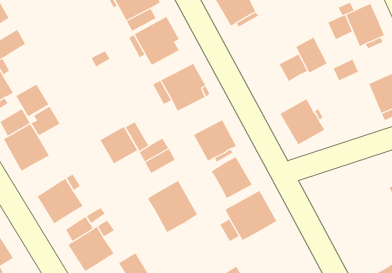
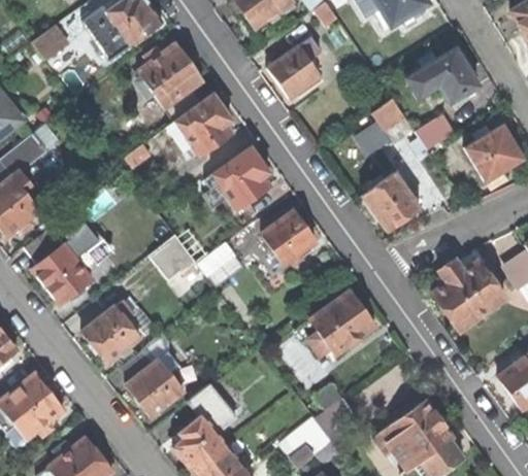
building: [15,84,49,117] -> none
building: [211,156,252,199] -> none
building: none -> [432,259,504,330]
building: [147,180,198,233] -> none

